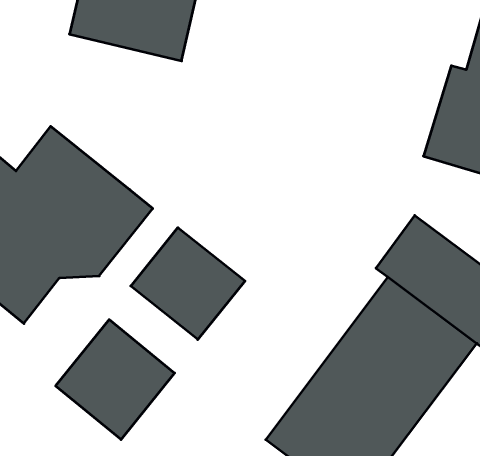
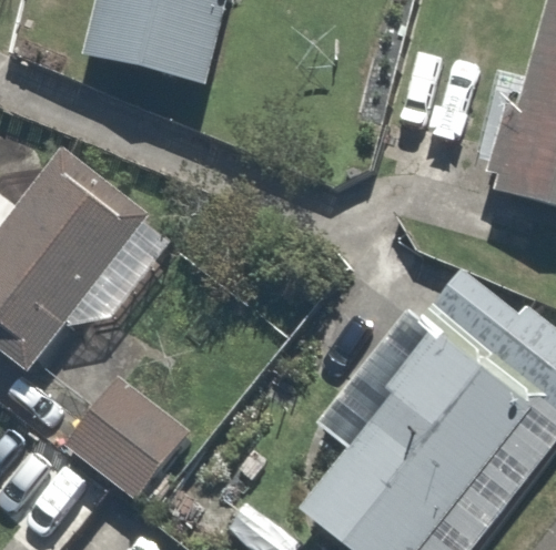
building: [131,228,245,340] -> none

